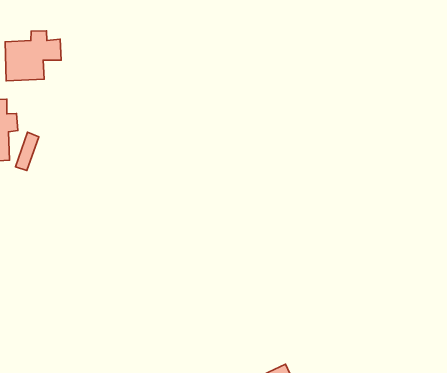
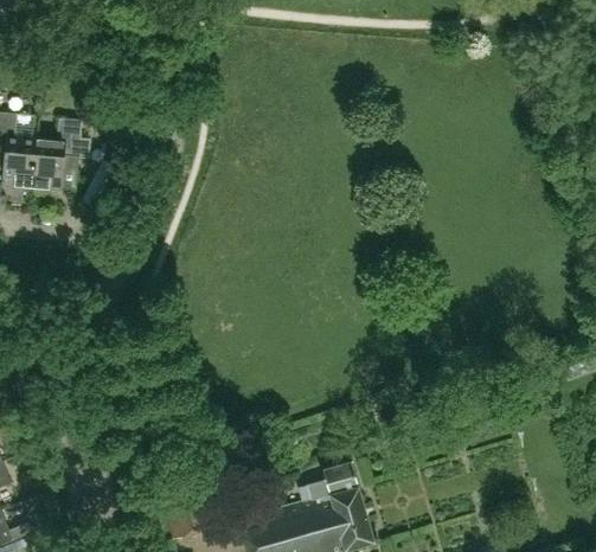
building: [5,31,61,81] -> none

